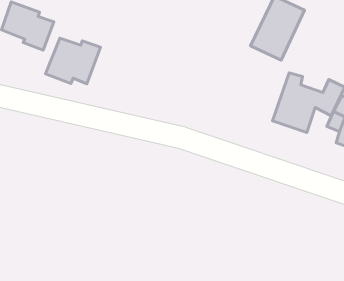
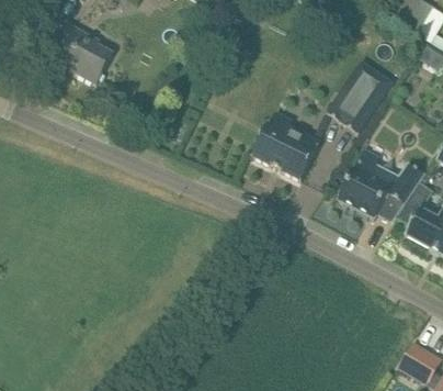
building: [46,38,100,84] -> none
building: none -> [252,121,320,179]

